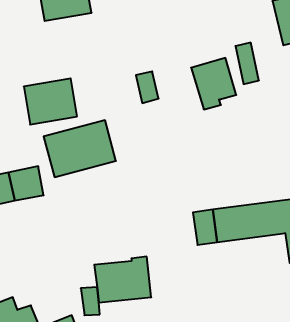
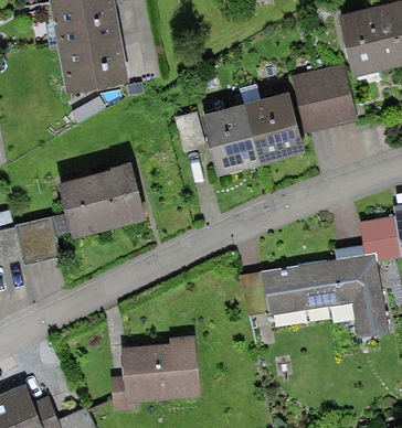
building: none -> [313,65,351,118]
building: none -> [200,103,255,160]
building: [24,78,77,125] -> [61,35,126,92]

